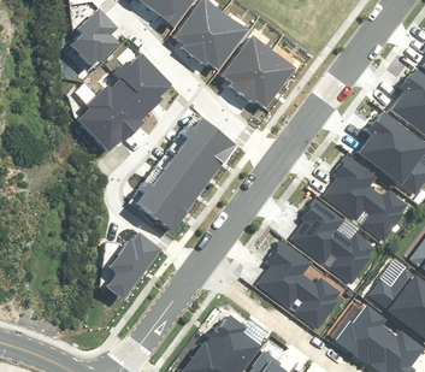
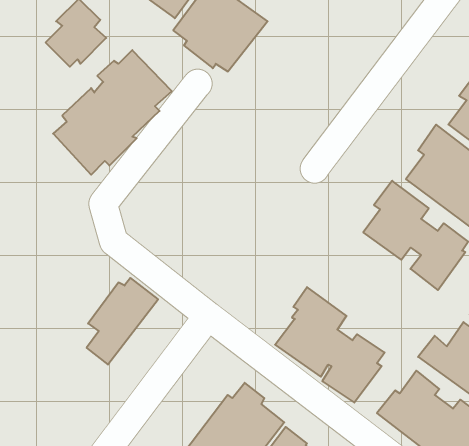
building: [222,34,295,107] -> none
building: [136,122,235,229] -> none
building: [291,200,374,287] -> none

